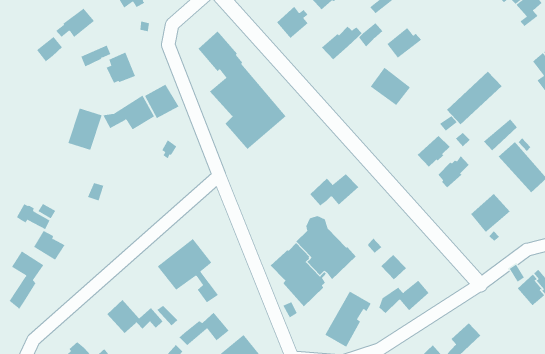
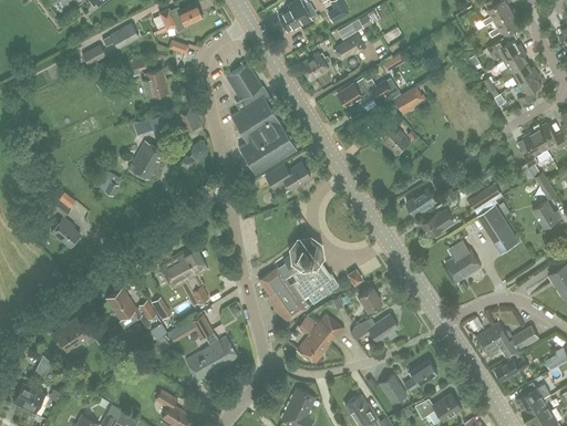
building: [446,71,502,125] -> none
building: [67,108,103,151] -> [128,139,164,179]
building: [309,173,359,206] -> [266,162,311,189]
building: [9,250,44,310] -> none

